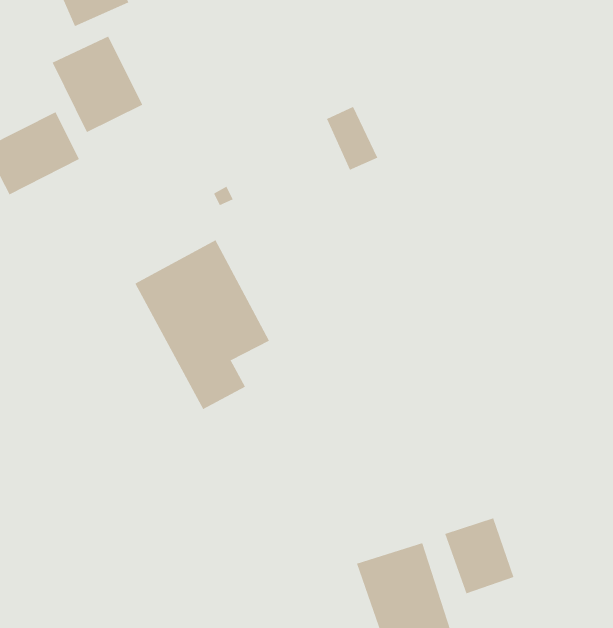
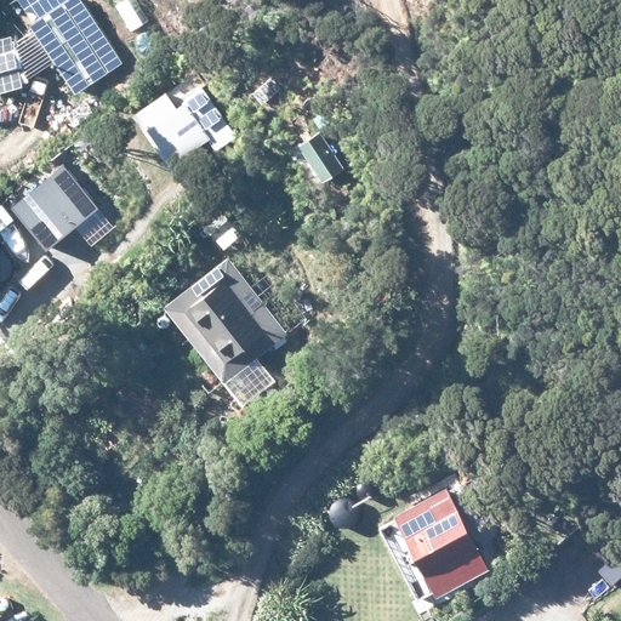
building: [52,36,143,133] -> [153,82,237,169]
building: [445,517,514,594] -> none

